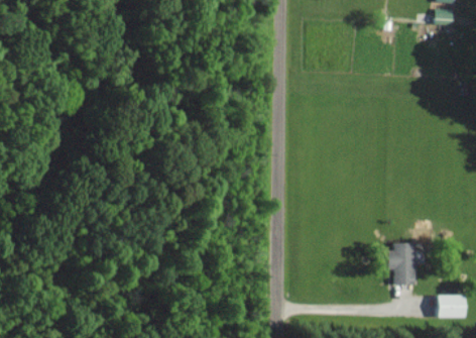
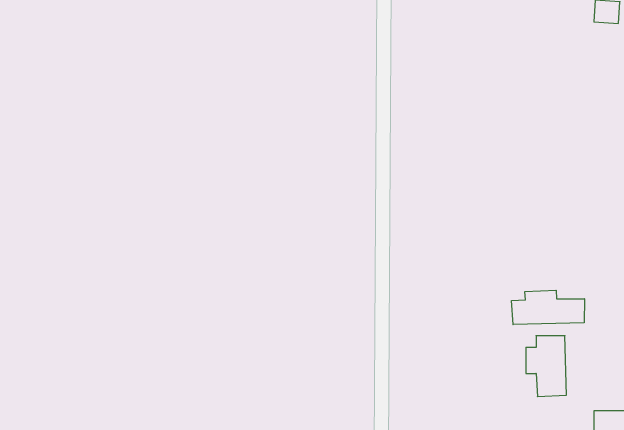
building: none -> [512,290,584,325]

